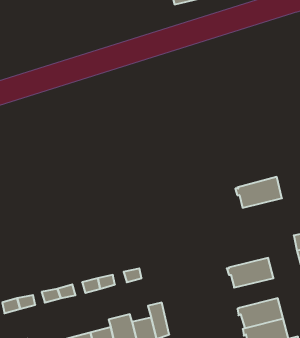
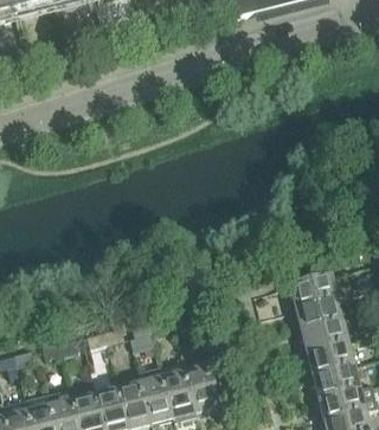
building: [235,177,282,208] -> [287,274,339,308]
building: none -> [298,320,349,353]

